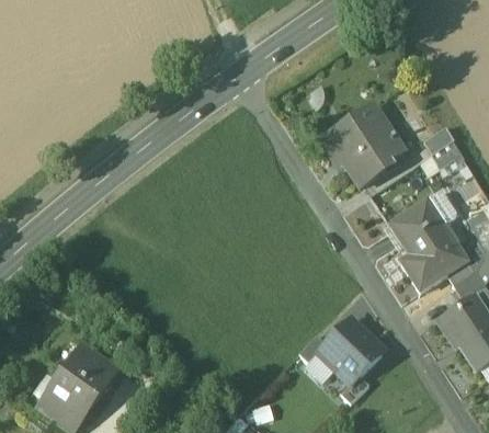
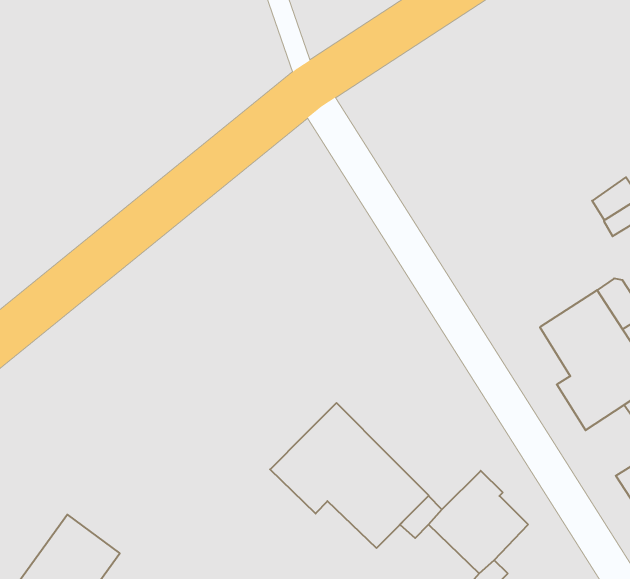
building: [320,114,403,185] -> none
building: none -> [270,403,429,548]

